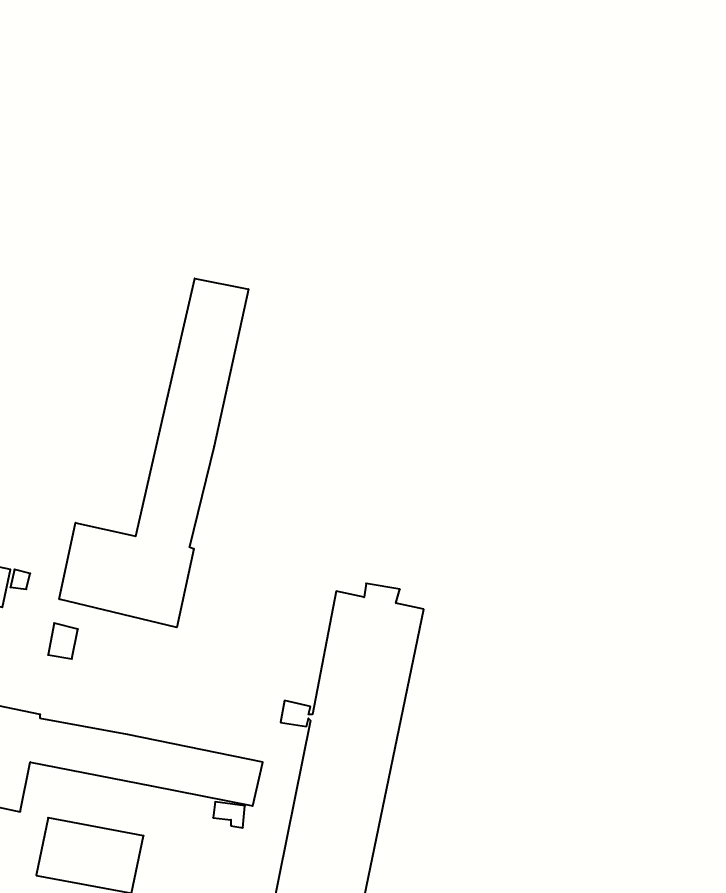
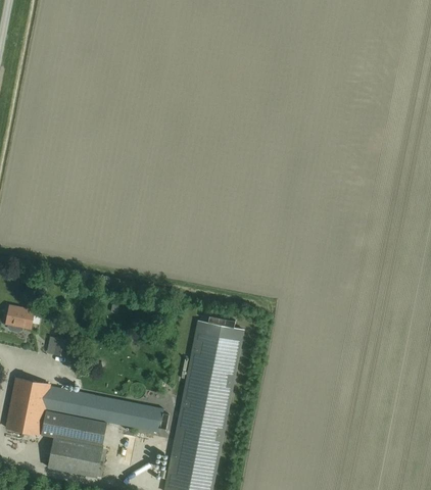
building: [59,278,248,627] -> none
building: none -> [37,409,104,447]

